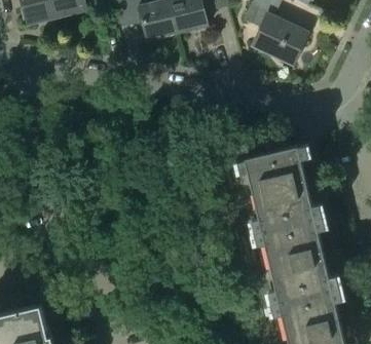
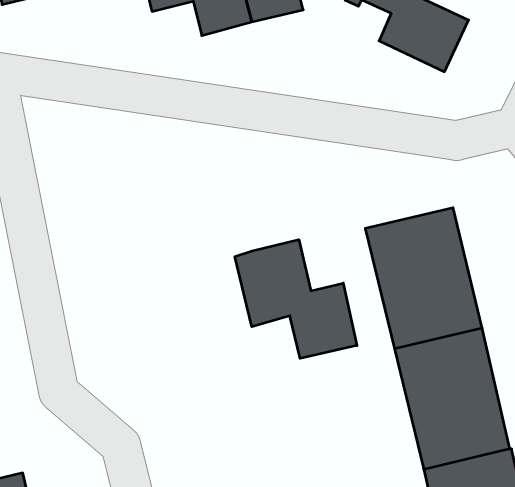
building: none -> [235,240,357,358]

